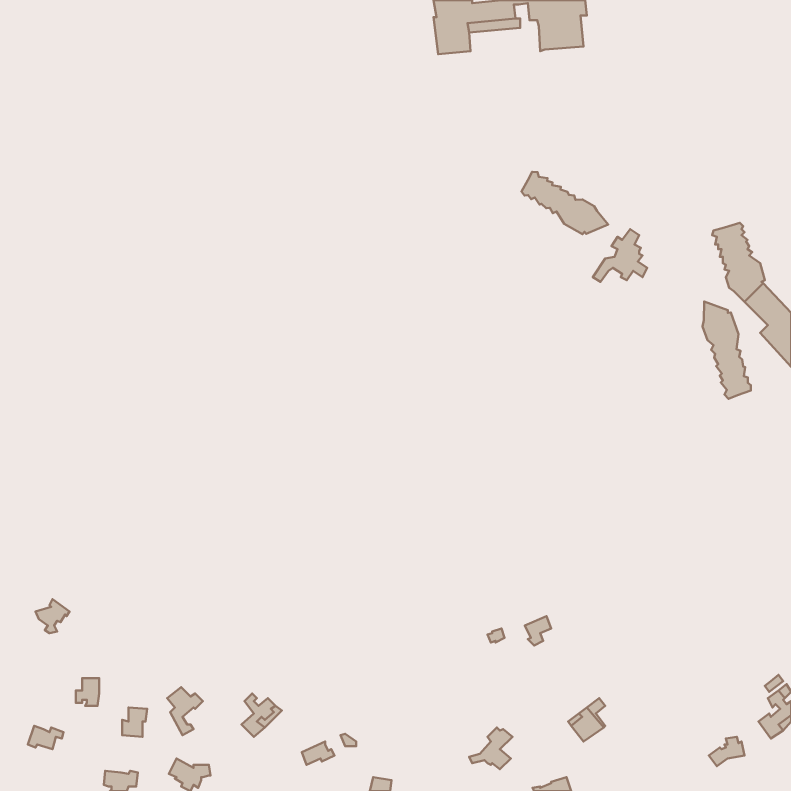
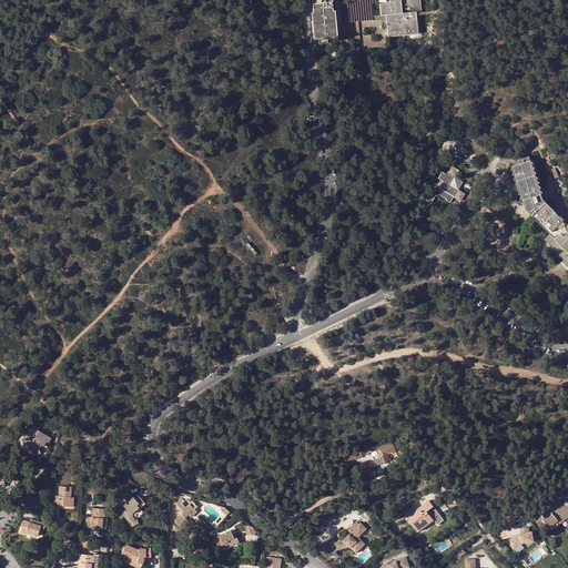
building: [521,172,608,234] -> none
building: [703,302,751,399] -> none

